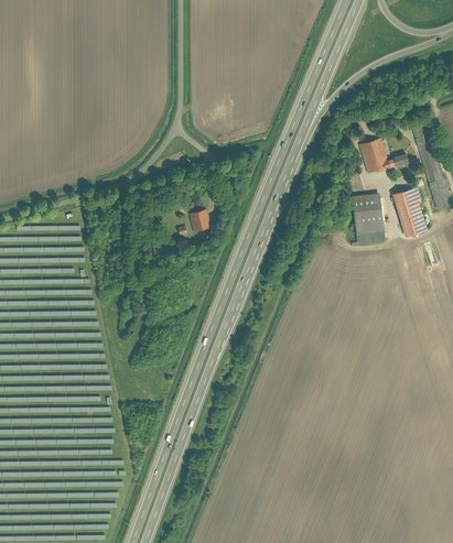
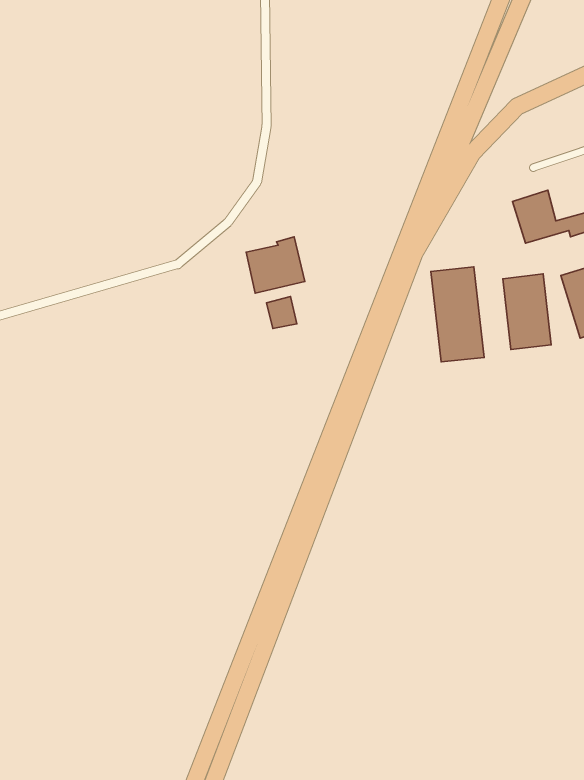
building: none -> [246,237,305,293]
building: none -> [431,267,484,362]

